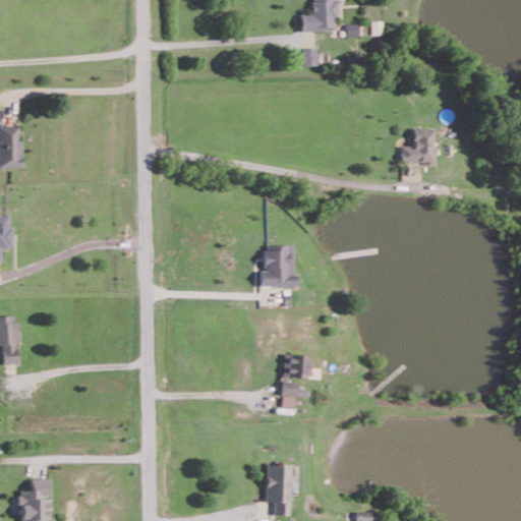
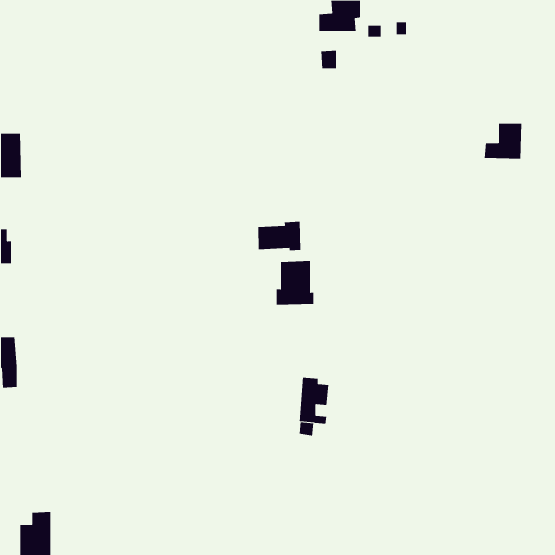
building: [399,129,435,163] -> [484,123,522,159]
building: none -> [258,221,301,251]
building: [265,466,290,516] -> none

